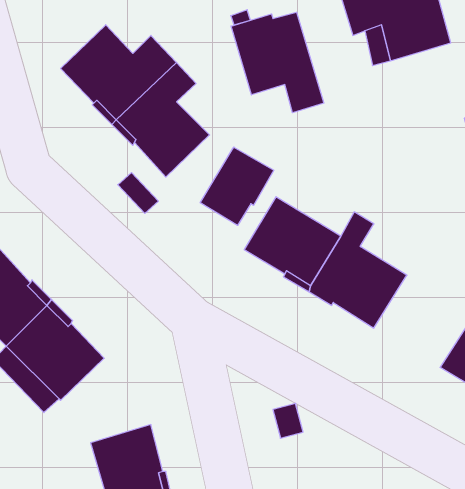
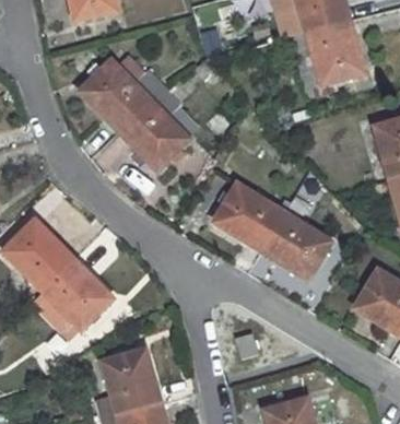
building: [231,12,324,113] -> none
building: [200,147,274,225] -> none

